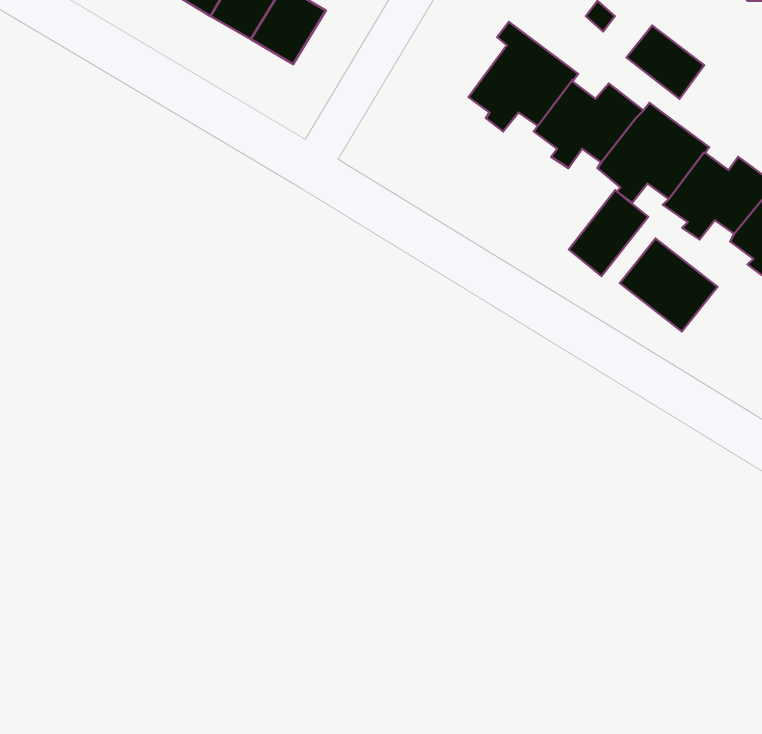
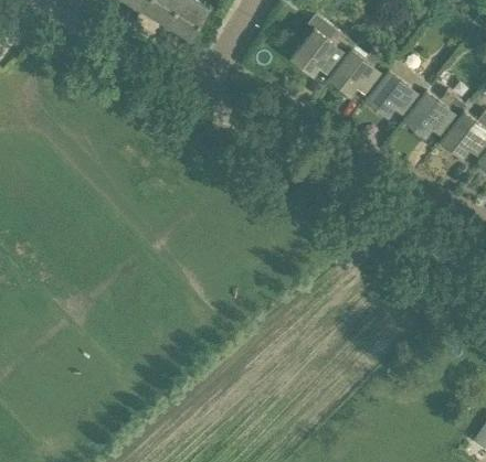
building: [627,26,704,99] -> none
building: [569,190,648,276] -> none
building: [620,239,718,331] -> none

